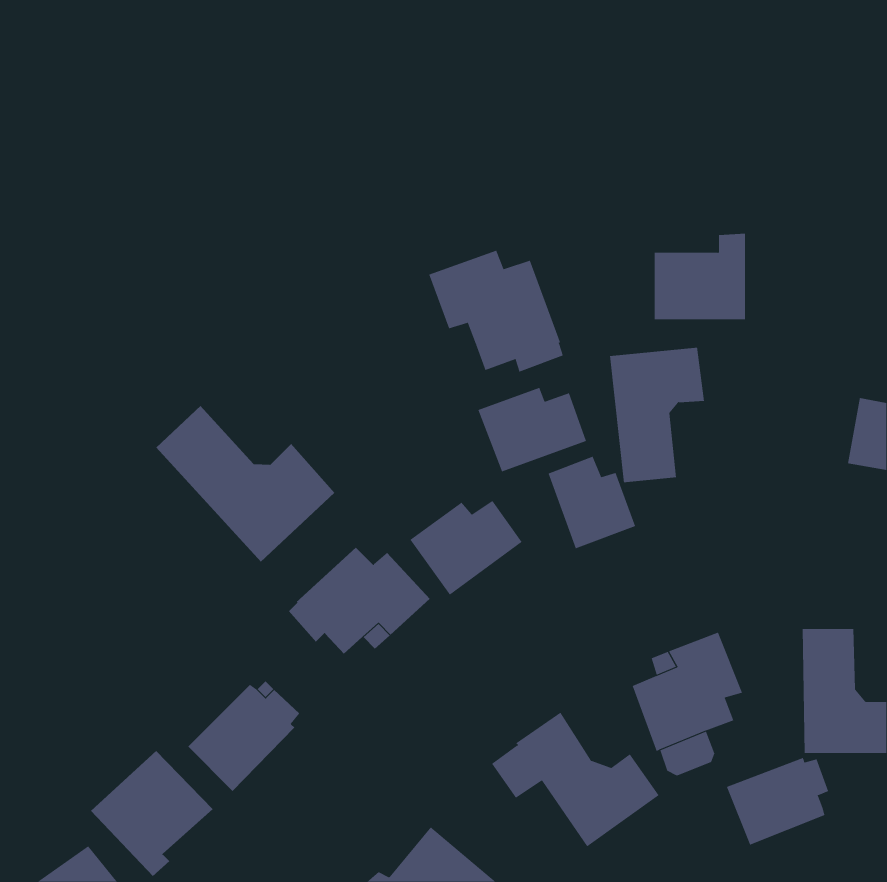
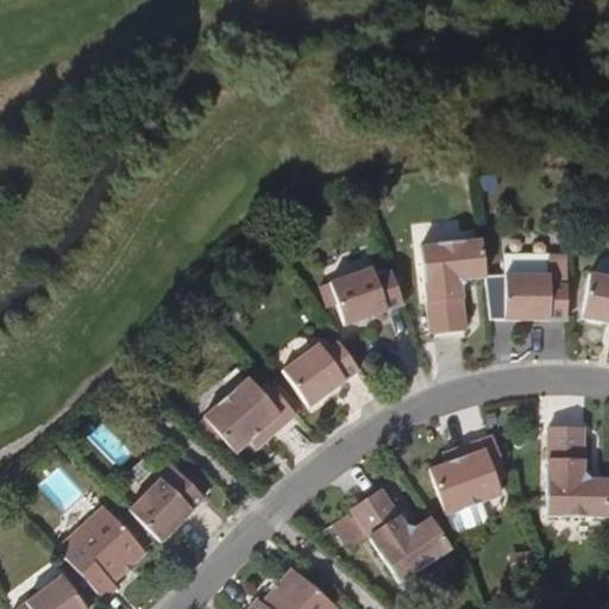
building: [654,233,746,320] -> [503,259,566,319]
building: [429,250,563,373] -> none
building: [155,405,335,563] -> none
building: [548,456,636,549] -> none
building: [726,757,829,845] -> none

